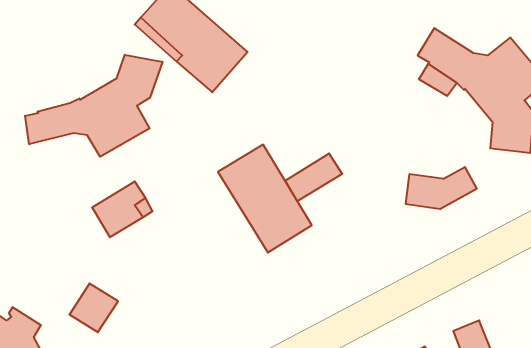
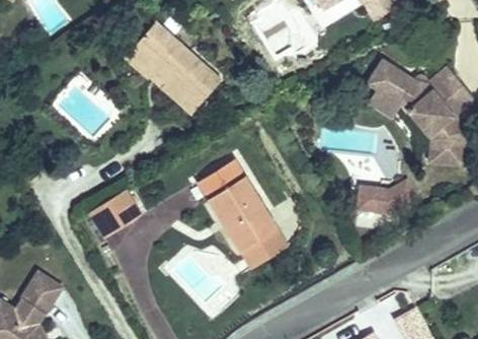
building: [25,55,162,157] -> none
building: [285,153,342,201] -> [239,227,288,268]
building: [69,283,118,332] -> [21,271,63,313]

